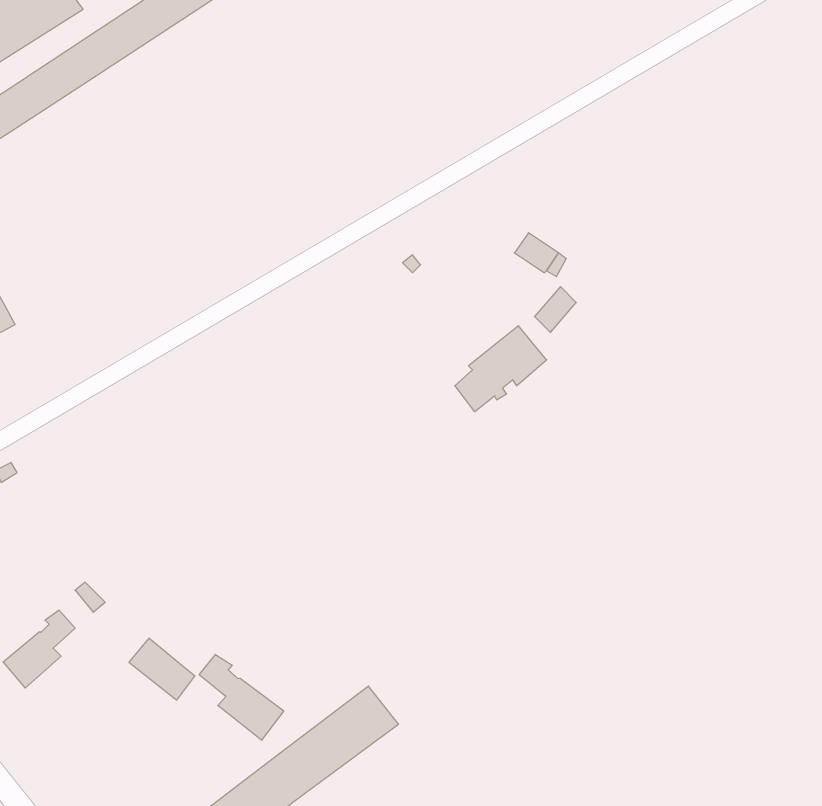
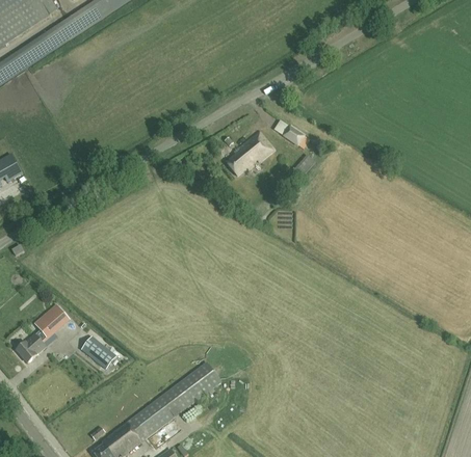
building: [455,326,547,412] -> [226,131,273,176]
building: [199,654,284,740] -> none

